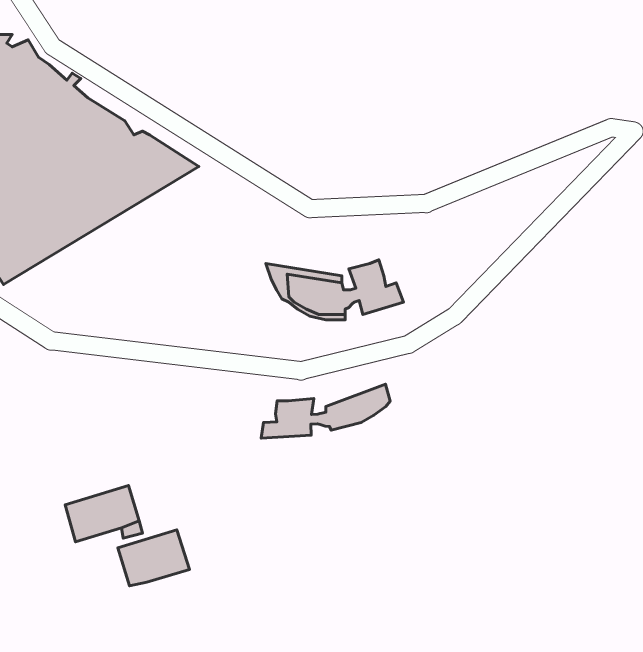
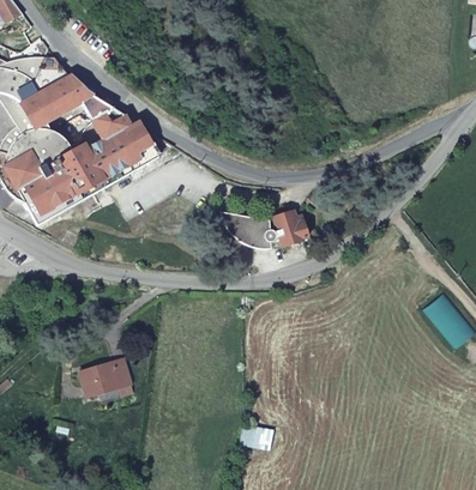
building: [261,384,390,438] -> none
building: [118,530,189,586] -> none

